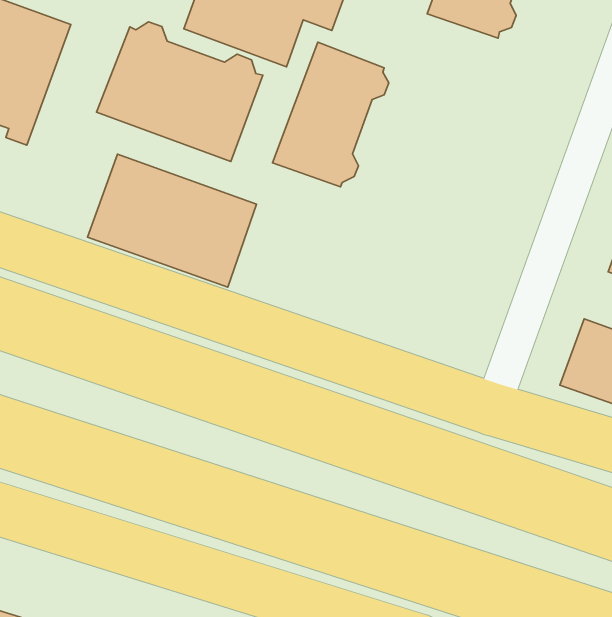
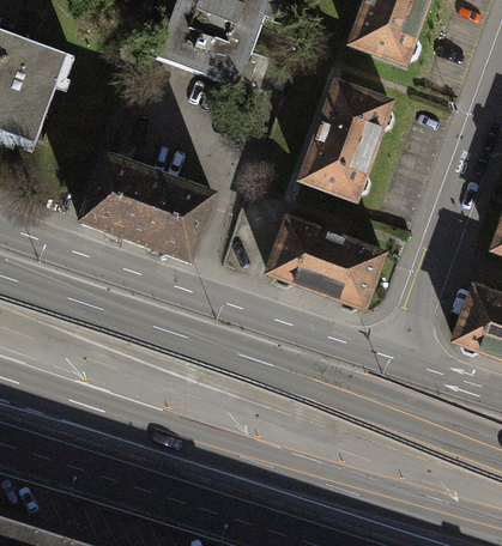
building: [97,22,263,162] -> none
building: [273,42,389,187] -> [300,81,392,196]
building: none -> [266,217,381,305]

